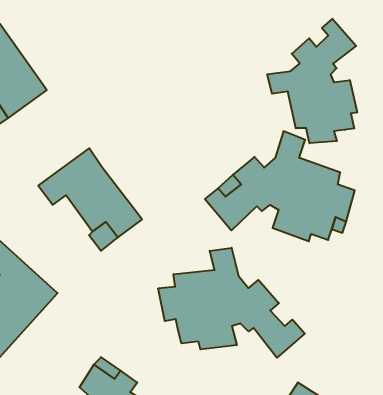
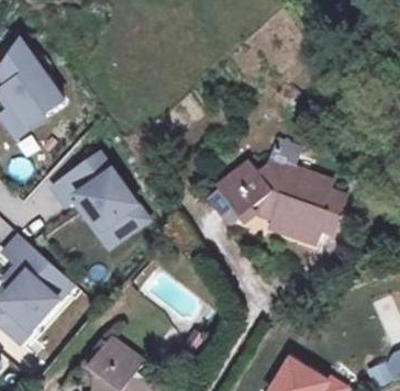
building: [267,19,357,143] -> none
building: [158,248,305,358] -> none

